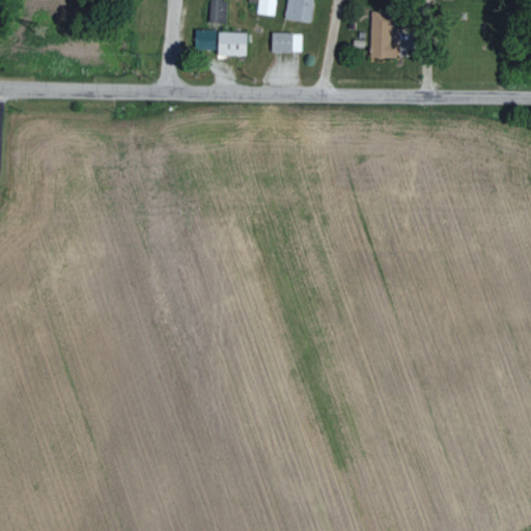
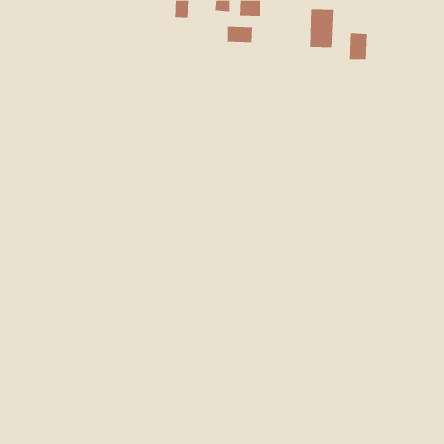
building: [195,31,248,56] -> none
building: none -> [349,32,367,60]

